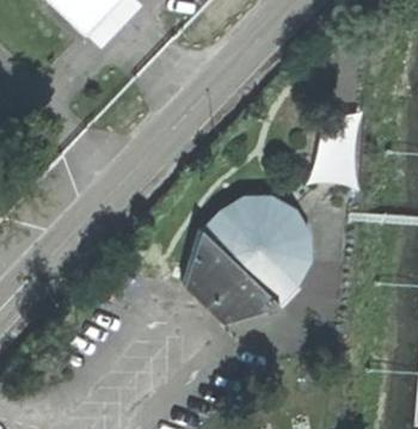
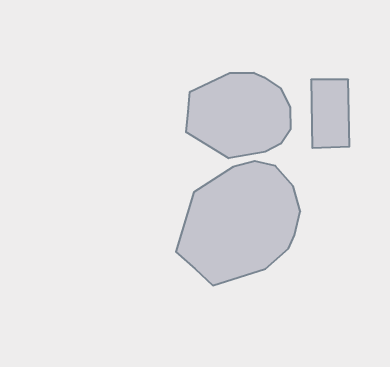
building: none -> [186,73,290,158]

